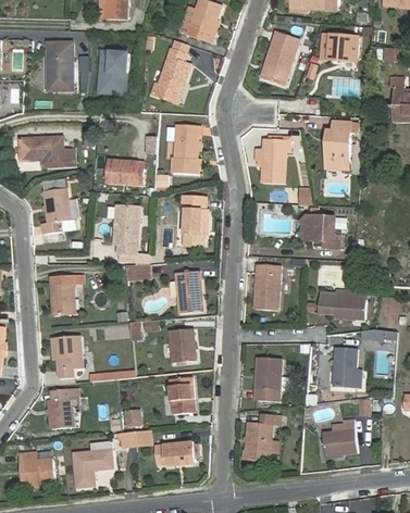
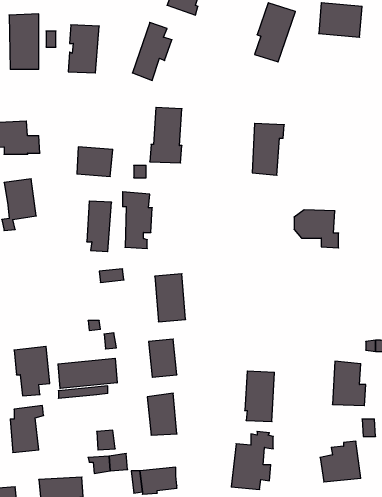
building: [325,121,357,167] -> none
building: [182,196,208,246] -> [123,192,152,248]
building: [253,263,279,309] -> none
building: [50,274,83,315] -> none
building: [319,289,365,318] -> none
building: none -> [58,358,117,389]

